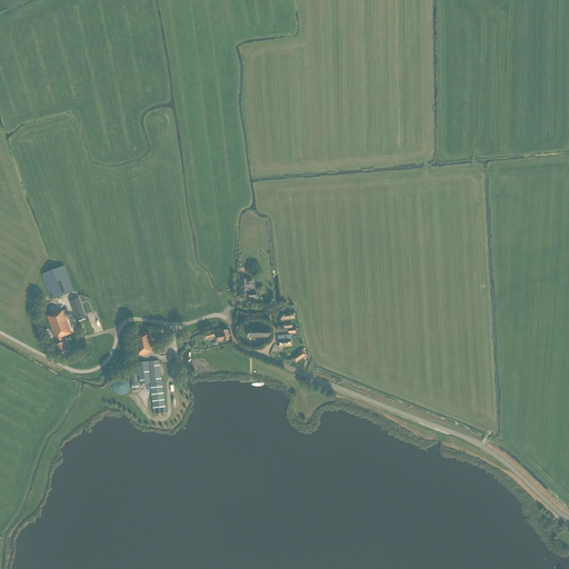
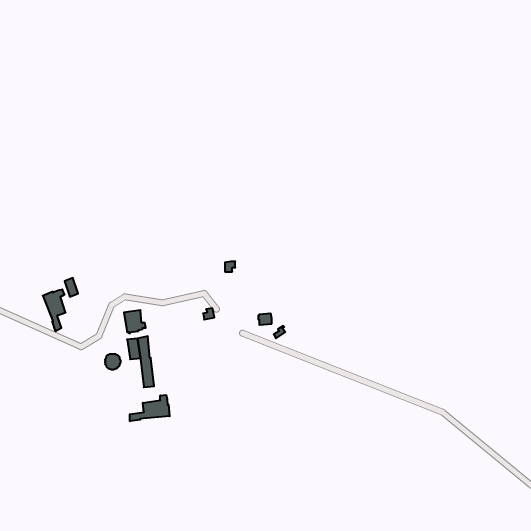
building: [41,264,72,299] -> none
building: none -> [130,395,170,421]

